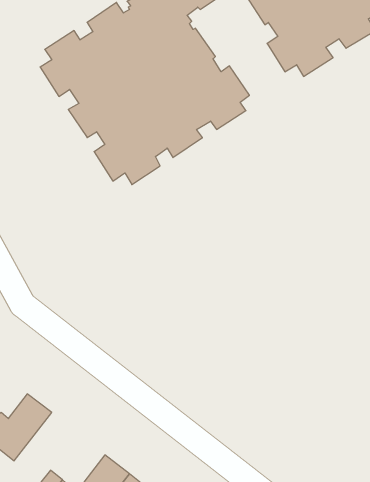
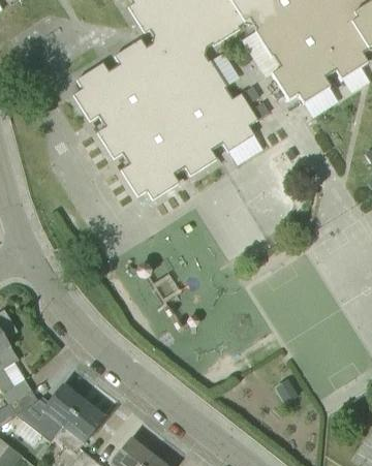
building: none -> [55,399,104,453]

